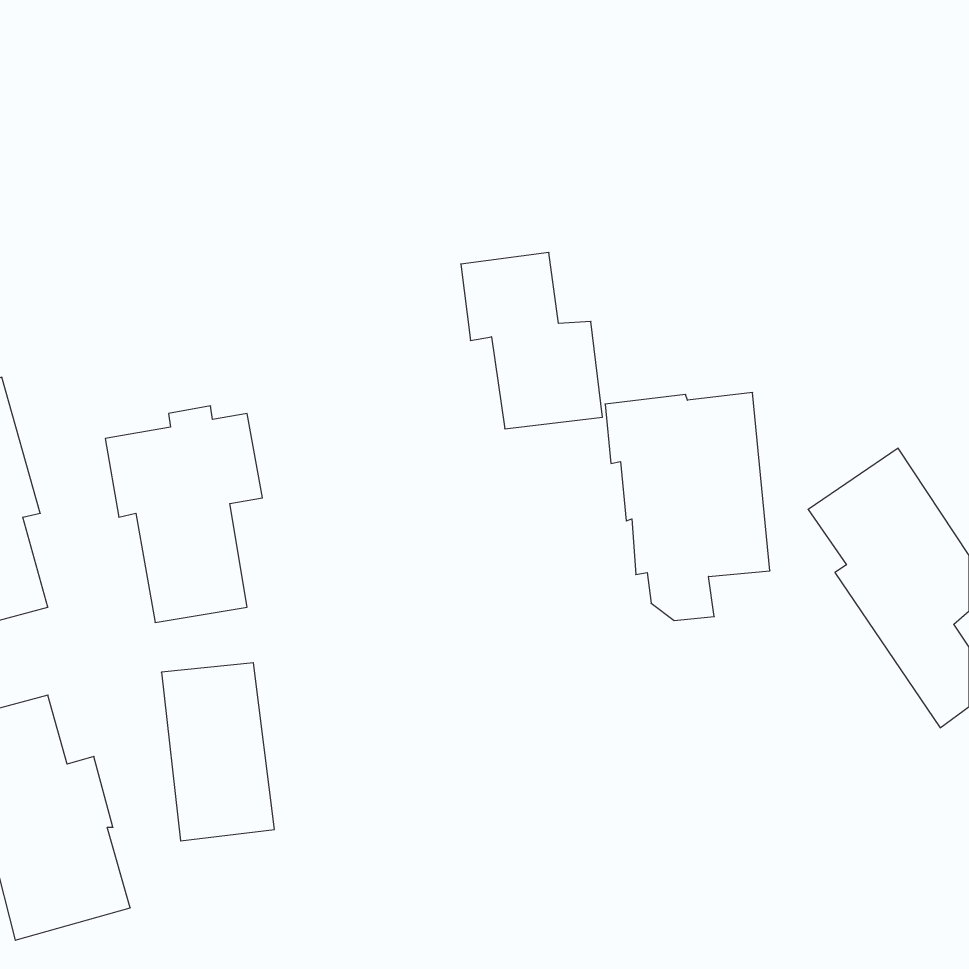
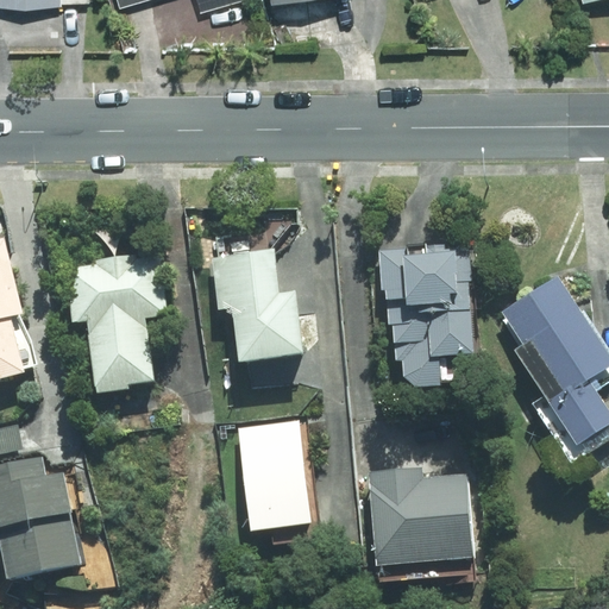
building: [461,253,602,429] -> [213,250,301,359]
building: [161,663,274,841] -> [238,421,308,532]
building: none -> [366,471,470,566]

